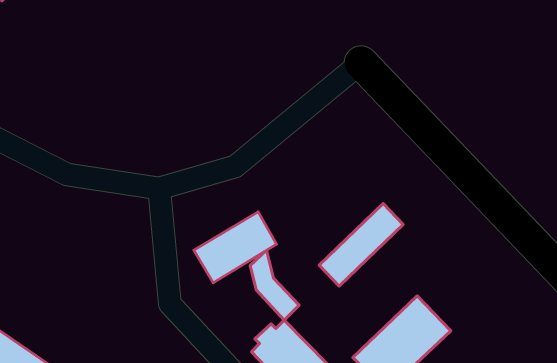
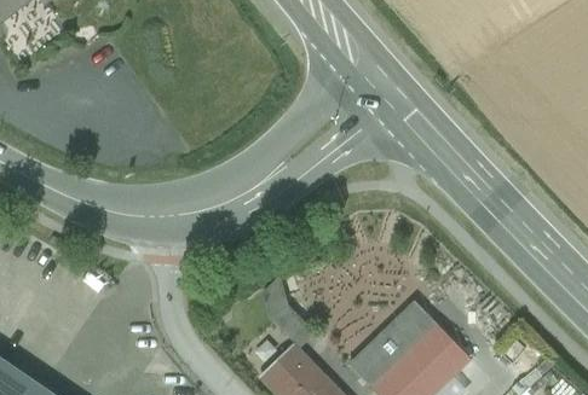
building: [319,203,403,286] -> [350,302,437,388]
building: [194,212,277,283] -> none

